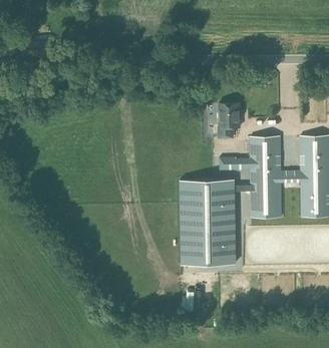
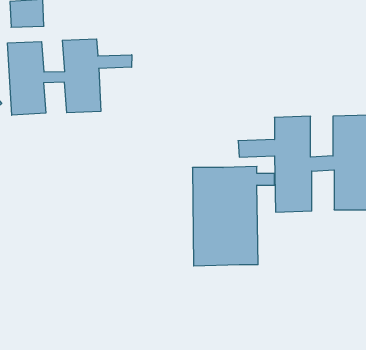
building: none -> [8,39,132,115]
building: [218,102,239,137] -> none

